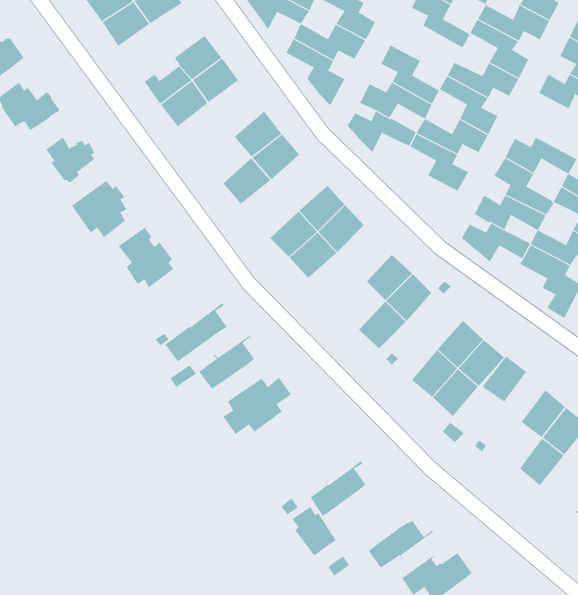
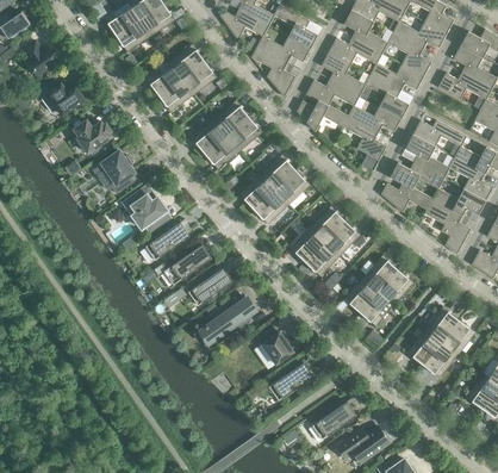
building: none -> [329,37,382,64]
building: none -> [192,119,226,154]
building: none -> [145,219,188,260]
building: none -> [291,226,325,262]
building: [482,356,527,403] -> [407,330,441,365]
building: [291,506,337,556] -> [260,326,293,363]

